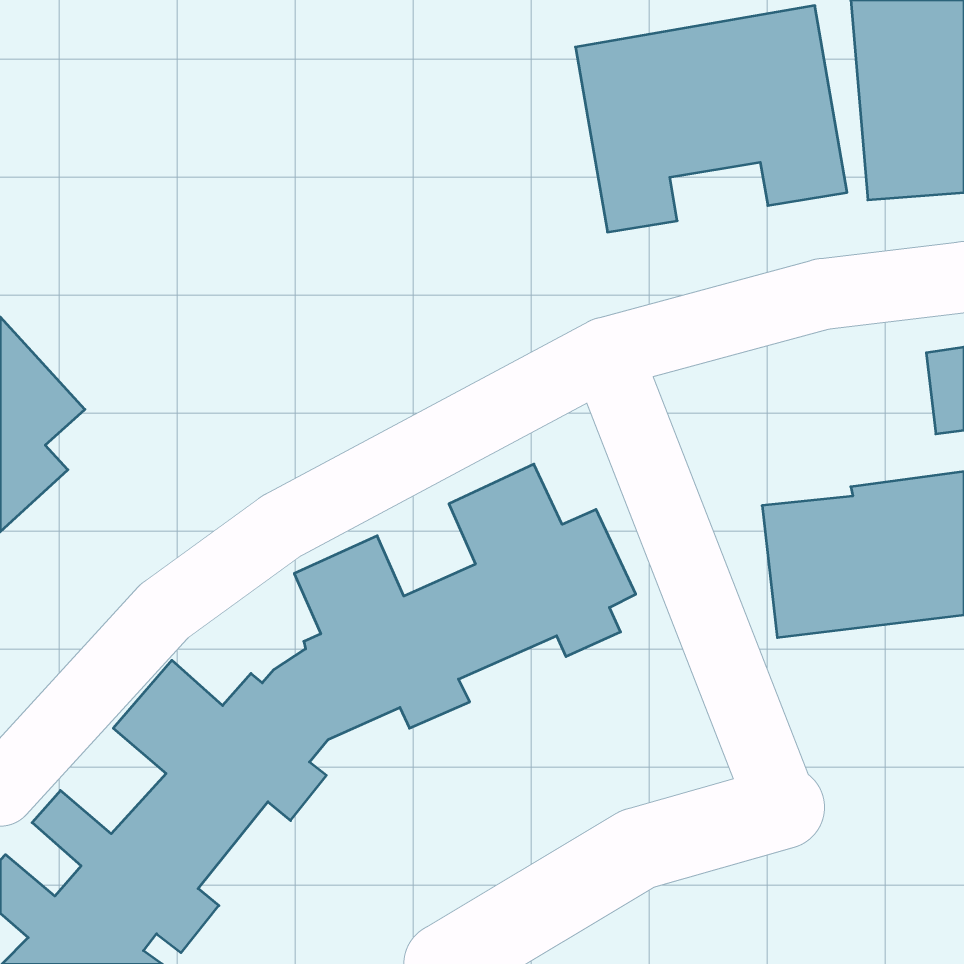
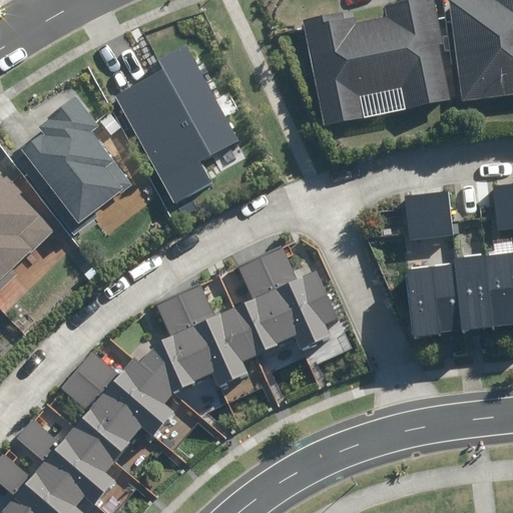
building: none -> [110,54,241,211]
building: none -> [22,99,122,222]
building: none -> [405,191,453,240]

